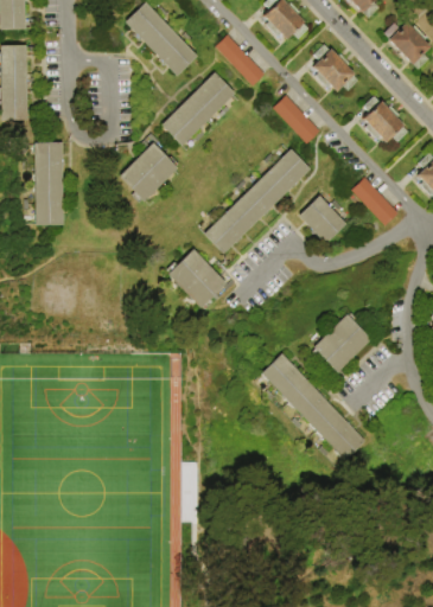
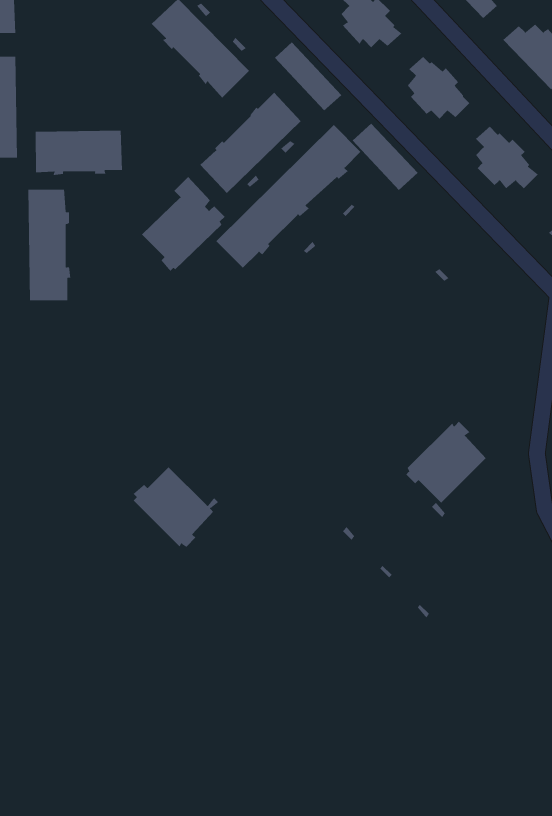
building: none -> [35,130,123,176]
building: [203,148,310,254] -> [215,124,361,269]
building: [351,177,399,225] -> none
building: [298,194,346,243] -> none
building: [166,249,229,308] -> [133,466,219,547]
building: [260,353,365,460] -> none

